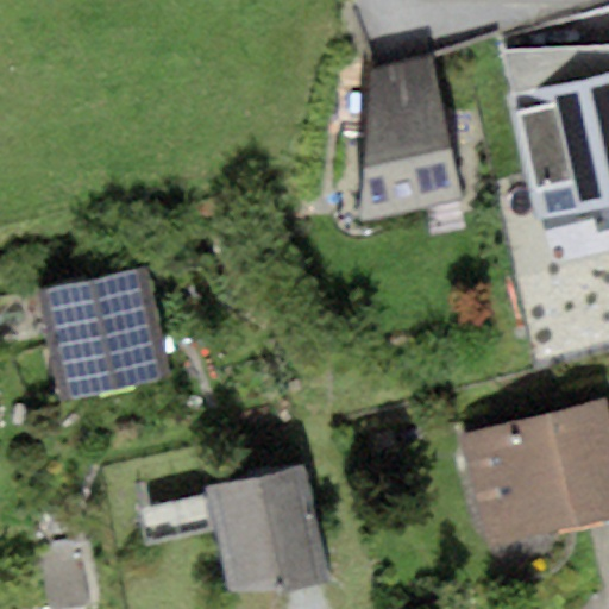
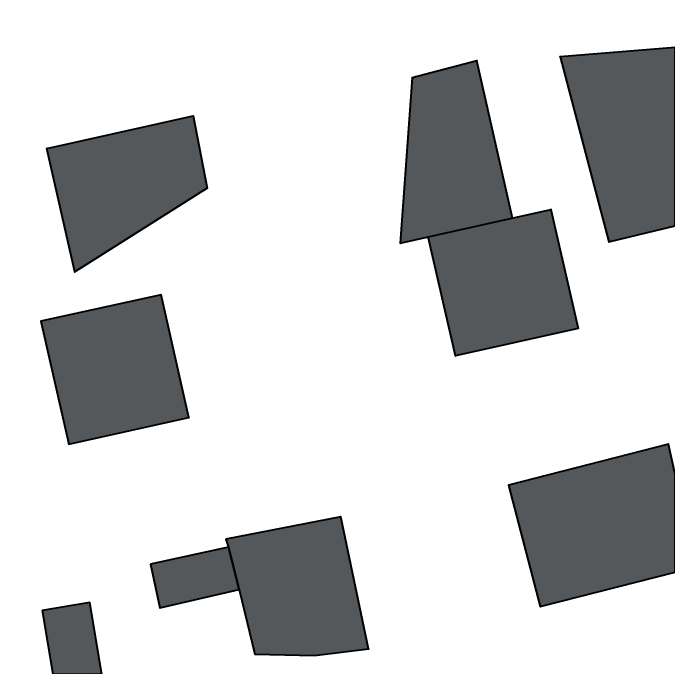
building: none -> [47,116,207,272]
building: none -> [428,209,578,356]

